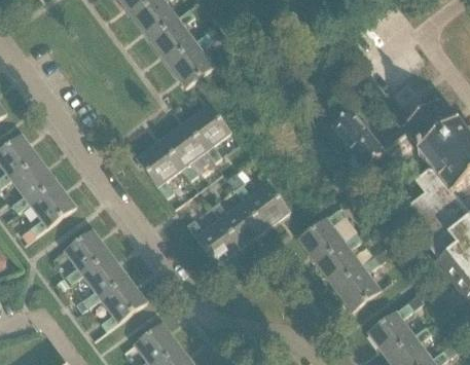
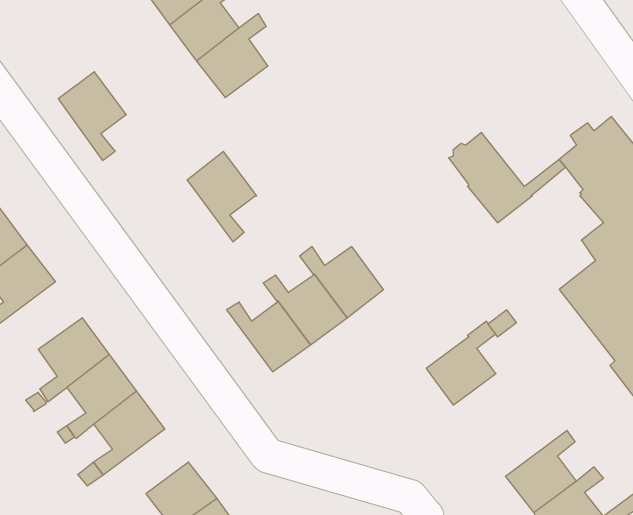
building: [185,105,230,163] -> none
building: [138,141,182,198] -> [58,72,126,161]
building: [298,210,345,263] -> none
building: [334,252,387,312] -> none

